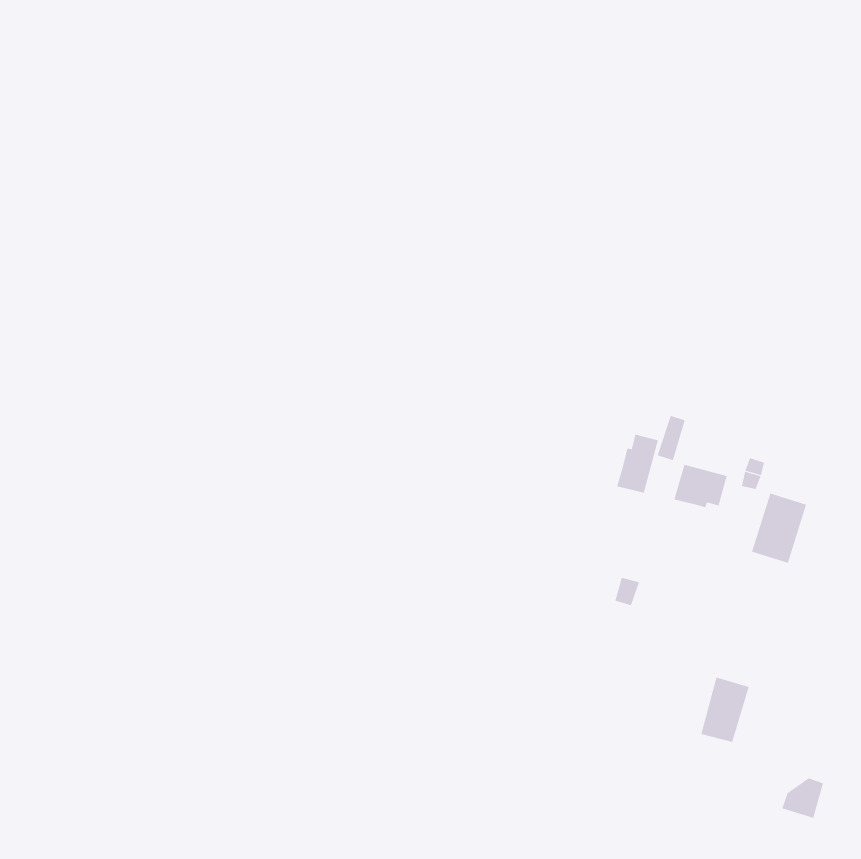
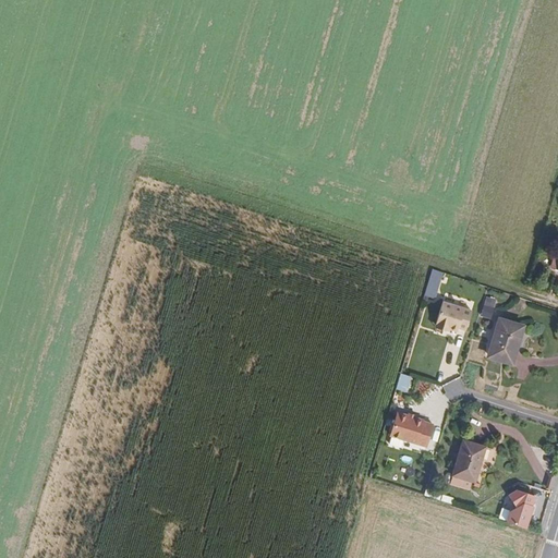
building: [617,434,658,494] -> none
building: none -> [392,412,435,447]

